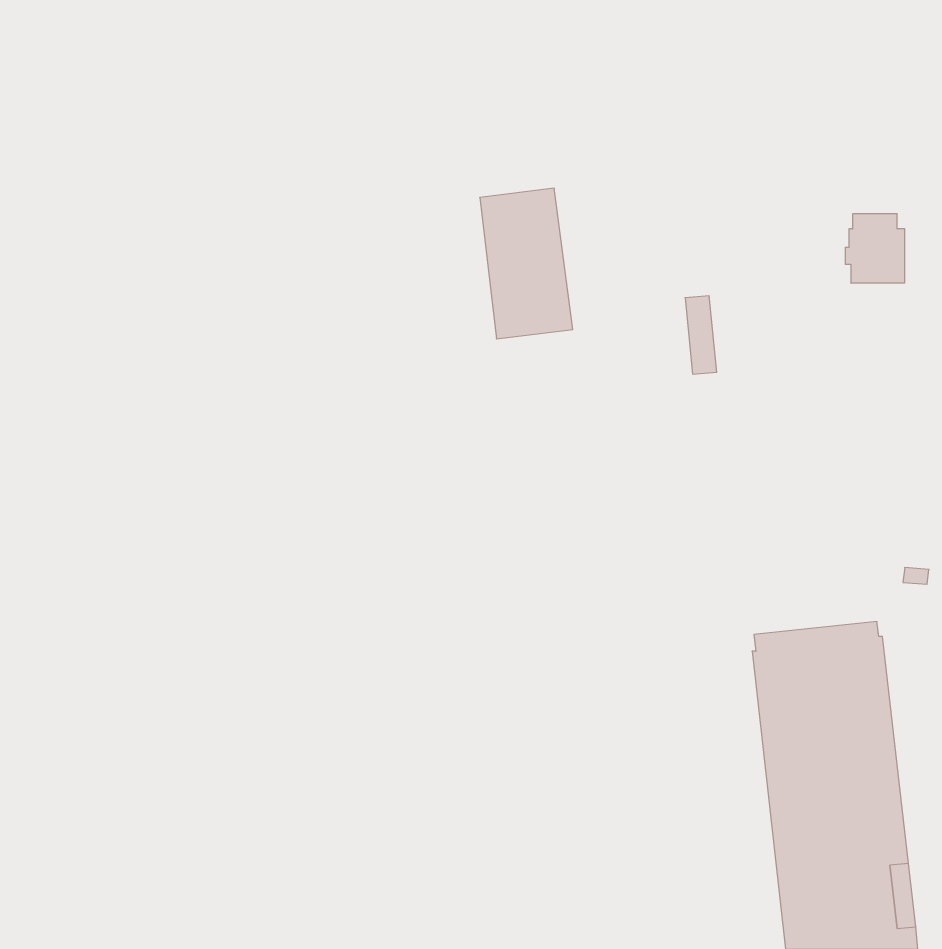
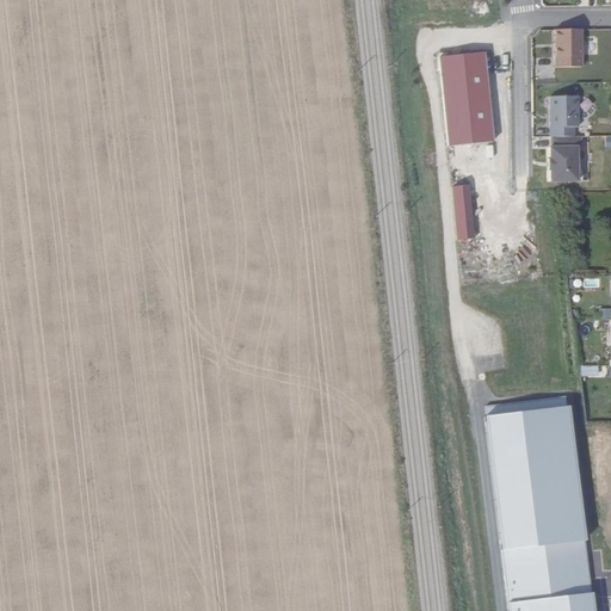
building: none -> [555,29,582,66]
building: none -> [551,97,580,128]
building: [480,188,573,339] -> [430,55,489,152]

